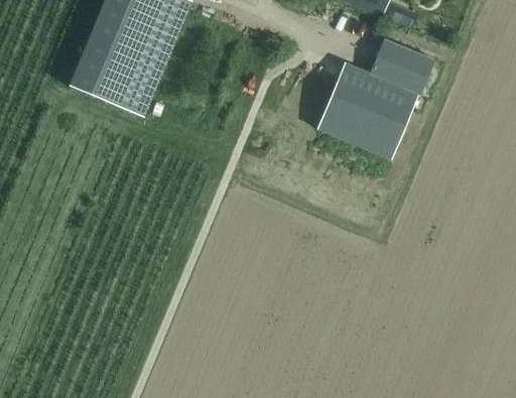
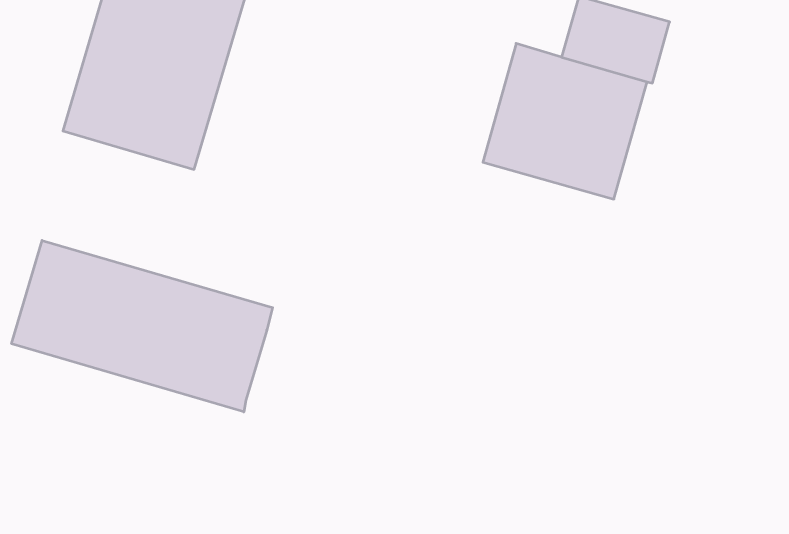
building: none -> [12,240,273,412]

